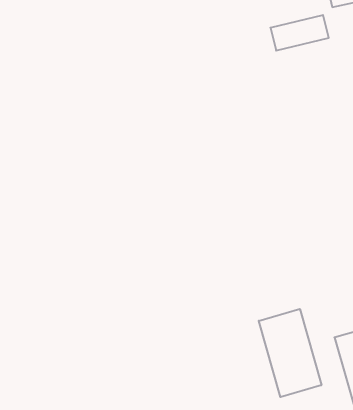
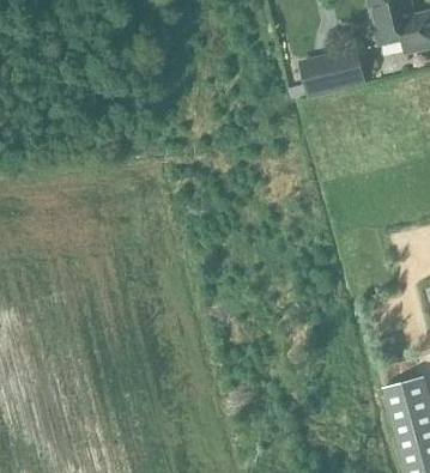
building: [259,309,321,397] -> none

